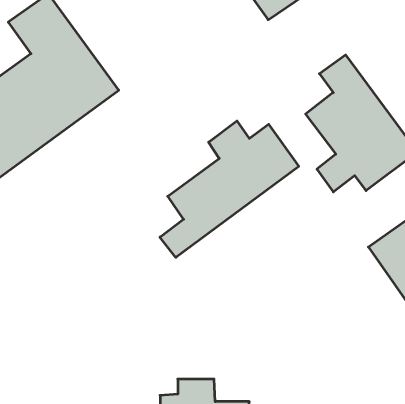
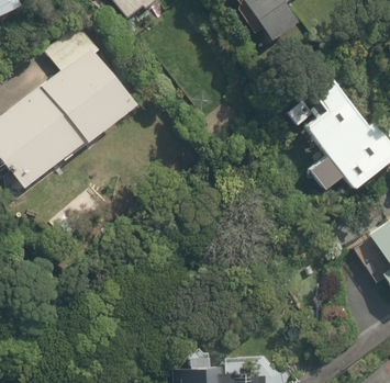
building: [160,121,299,257] -> none

